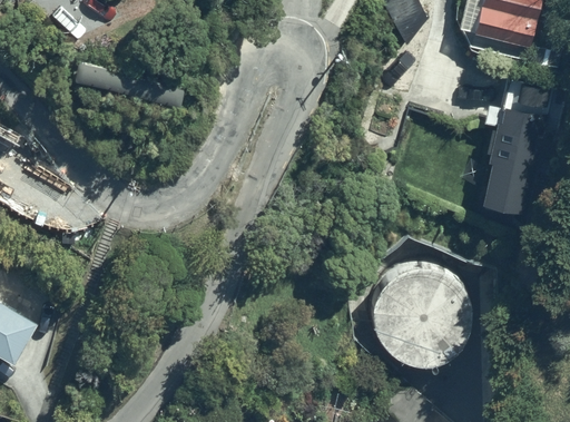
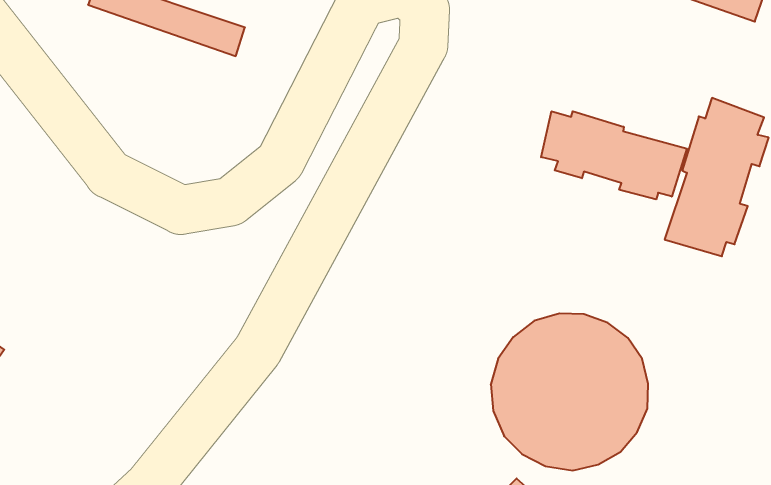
building: none -> [541,111,687,199]

